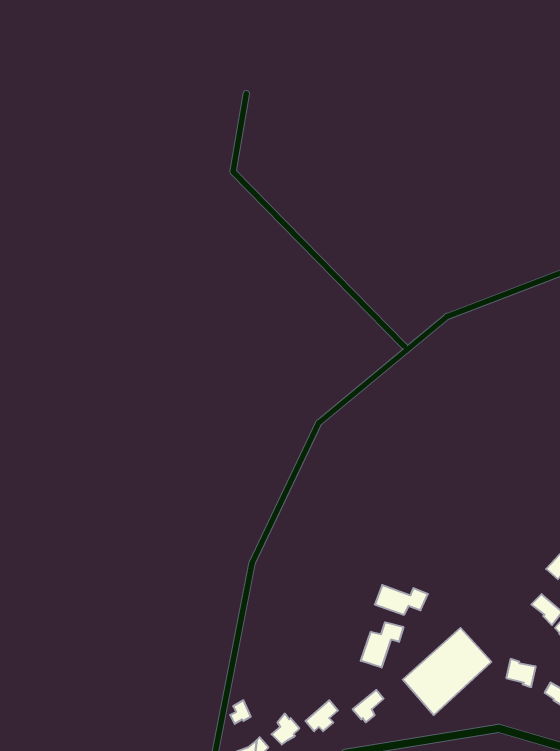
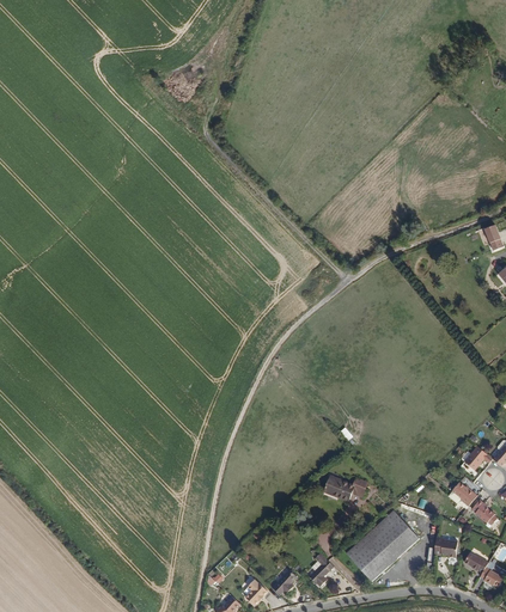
building: [361,622,403,668] -> none

